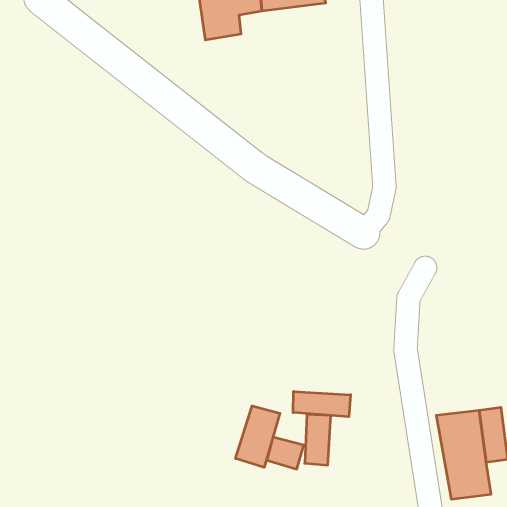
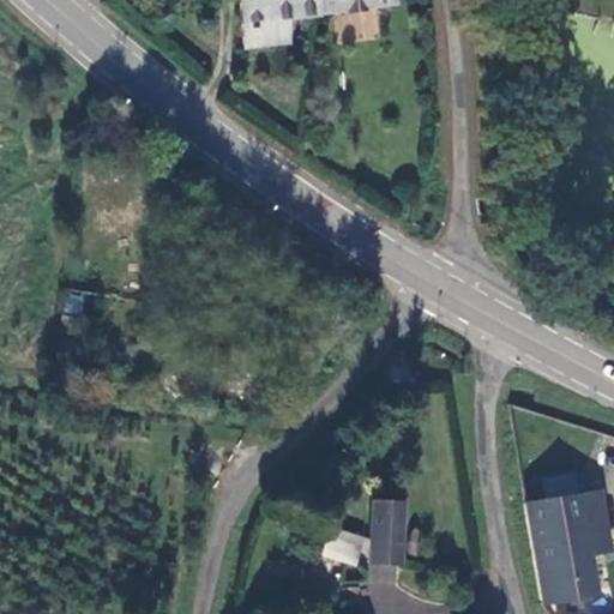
building: [293,391,351,417] -> none
building: [236,406,280,467] -> none

